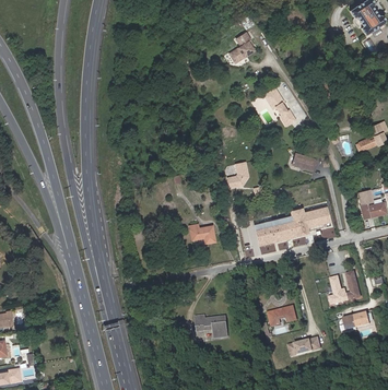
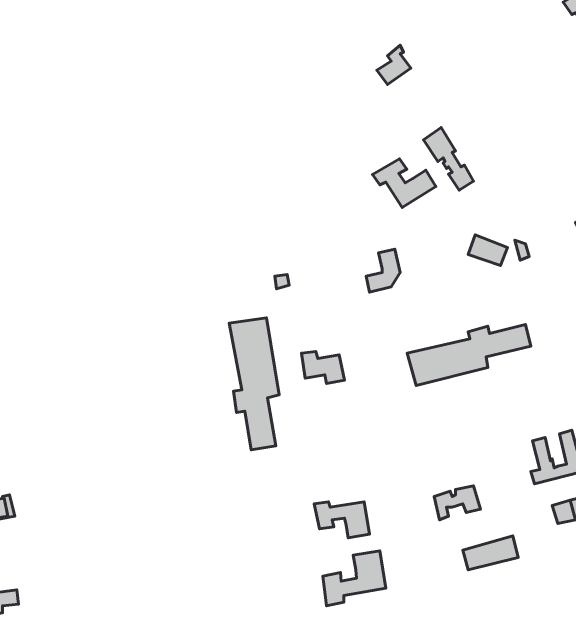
building: none -> [372,159,436,207]
building: none -> [229,318,279,450]
building: none -> [323,551,386,606]

